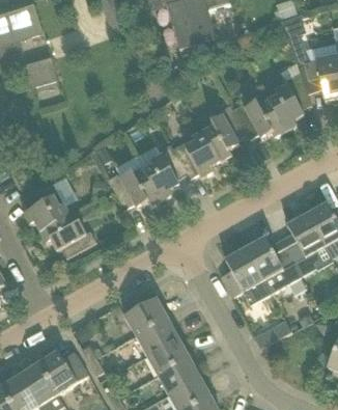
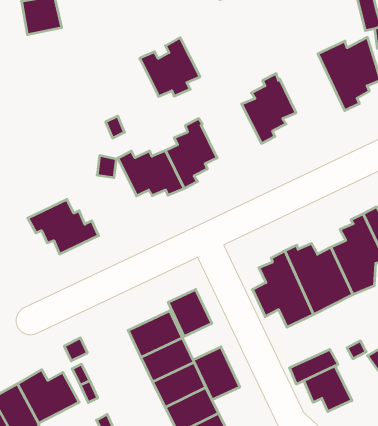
building: [231,86,284,138] -> none
building: [171,130,220,177] -> [140,38,200,96]
building: [22,183,68,230] -> none
building: none -> [168,289,212,336]
building: none -> [193,347,240,400]
building: none -> [304,366,352,412]

